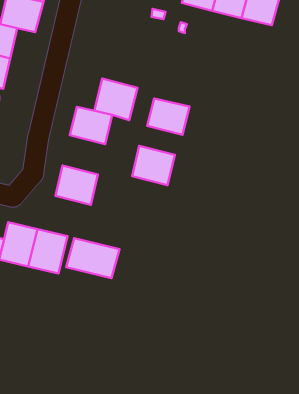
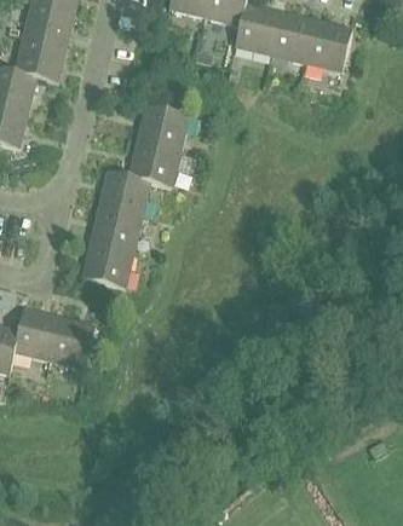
building: [147,99,190,135] -> [137,104,188,148]
building: [132,146,175,185] -> [90,204,140,252]
building: [66,238,120,278] -> none

